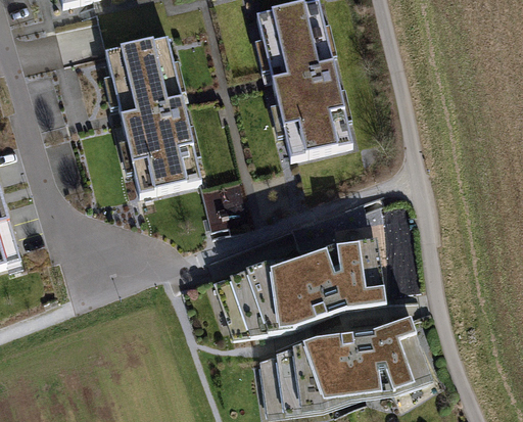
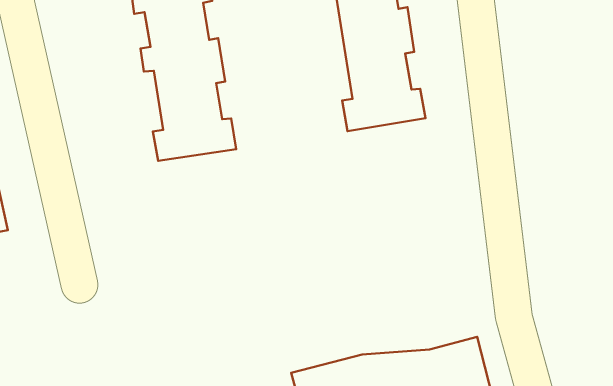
building: [226,239,383,335] -> none

